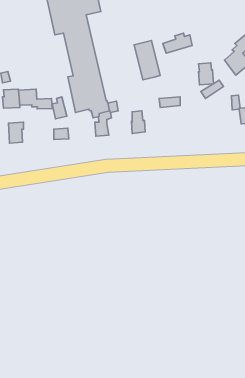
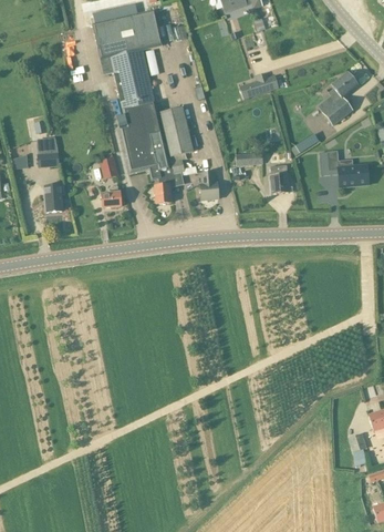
building: [134,40,160,80] -> [160,106,194,156]
building: [199,63,213,85] -> [271,165,290,193]
building: [18,89,52,109] -> none

